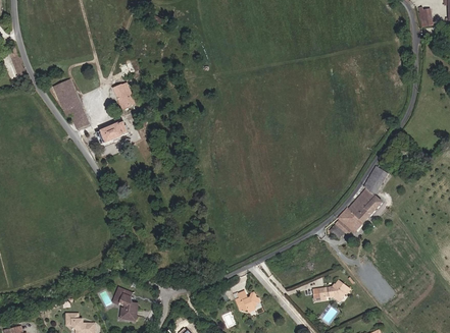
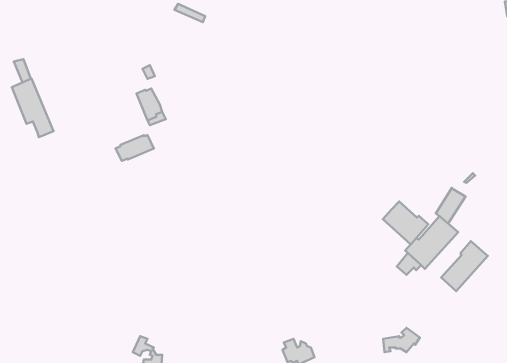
building: [54,78,89,127] -> [12,78,54,137]
building: none -> [383,201,428,244]
building: none -> [441,241,488,291]

